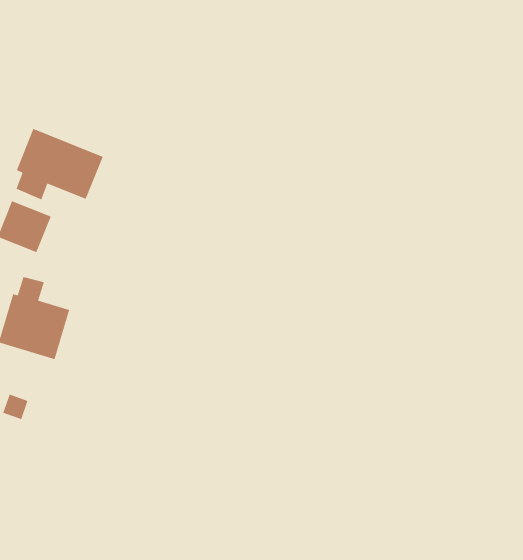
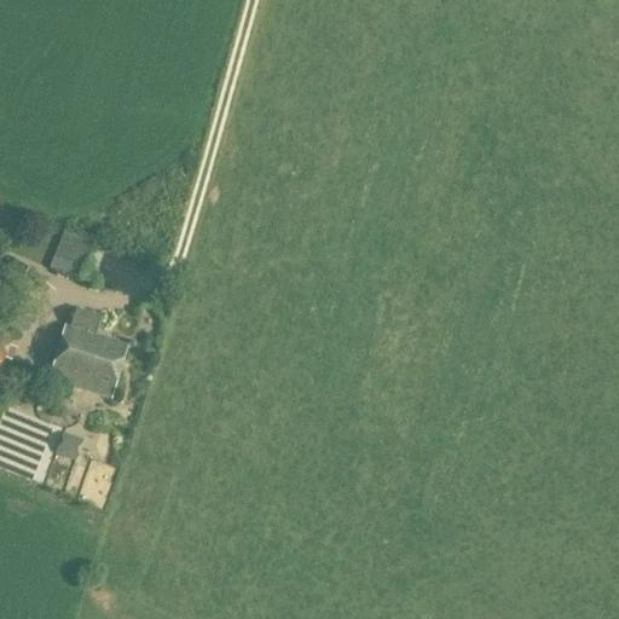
building: [15,128,104,200] -> none

